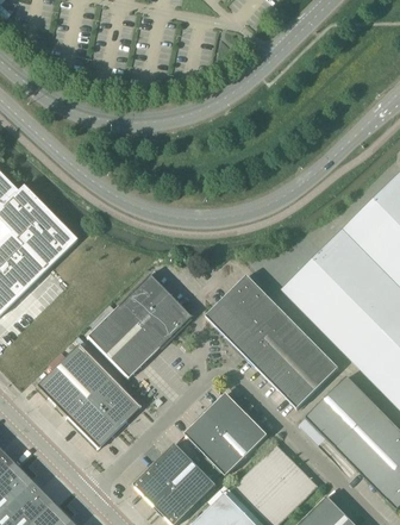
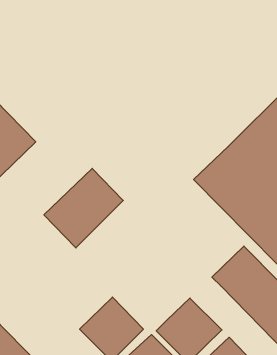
building: [205,275,338,408] -> none
building: [36,344,138,448] -> none
building: [185,393,267,476] -> none

